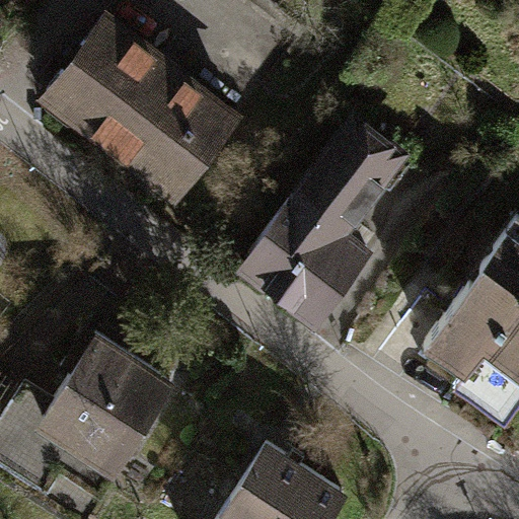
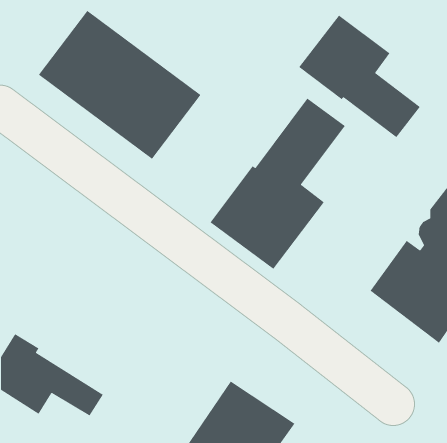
building: none -> [298,14,421,138]
building: [46,338,170,462] -> none

